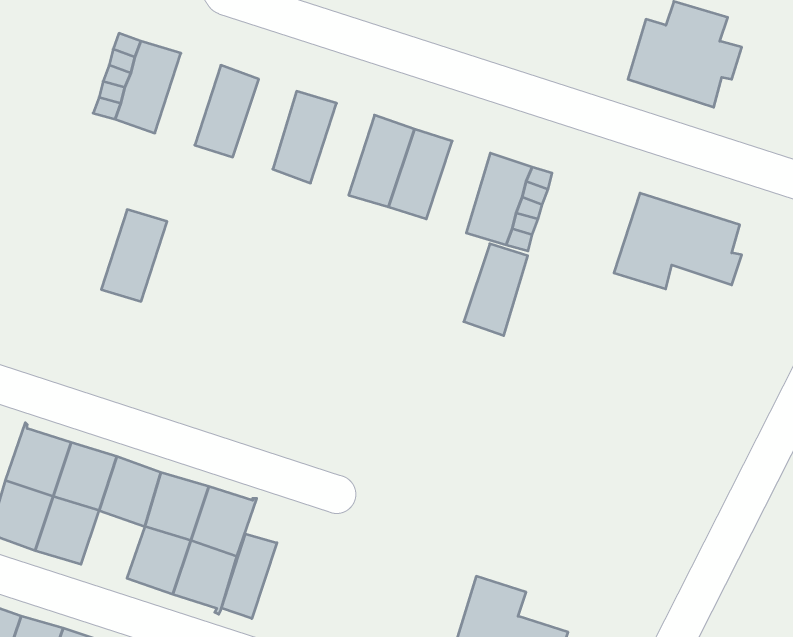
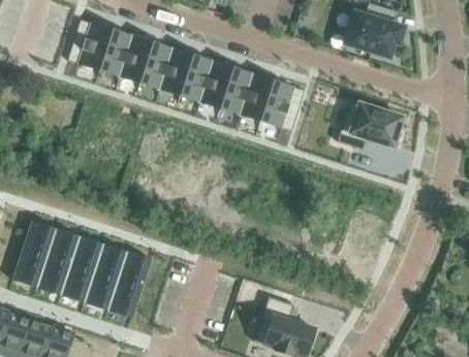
building: none -> [140,42,174,89]
building: none -> [181,55,214,102]
building: [101,210,167,301] -> [100,29,134,76]
building: [464,244,528,336] -> [241,74,274,122]
building: none -> [62,265,95,300]
building: [221,534,277,619] -> none

